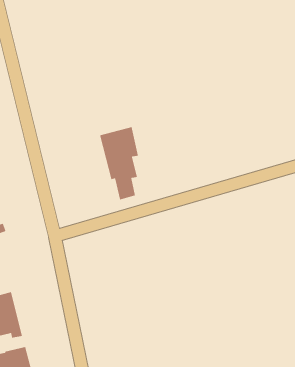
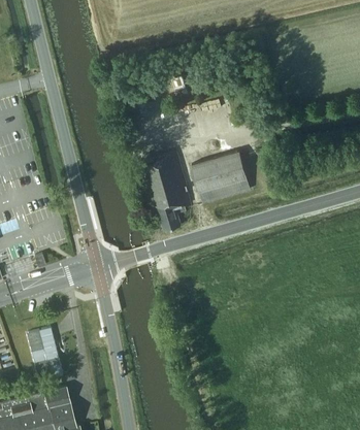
building: none -> [194,152,252,202]

